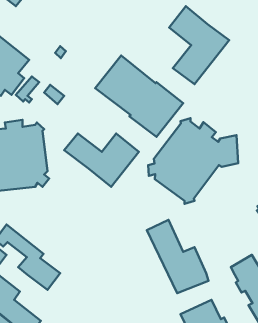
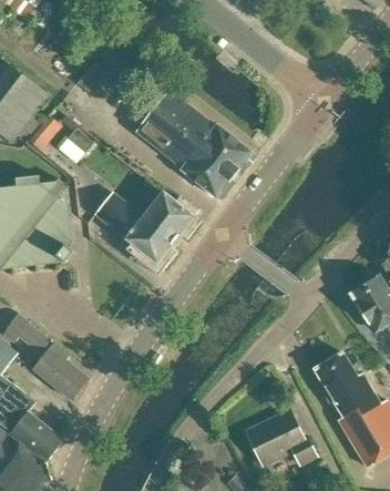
building: [169,6,229,84] -> none
building: [148,118,238,204] -> none
building: [147,220,209,293] -> none

